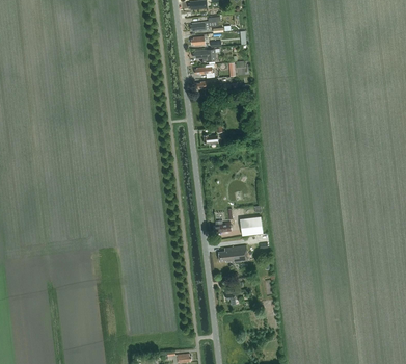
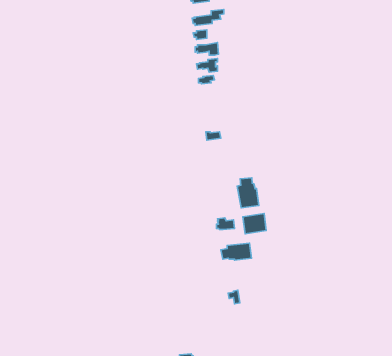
building: none -> [237,178,259,208]

